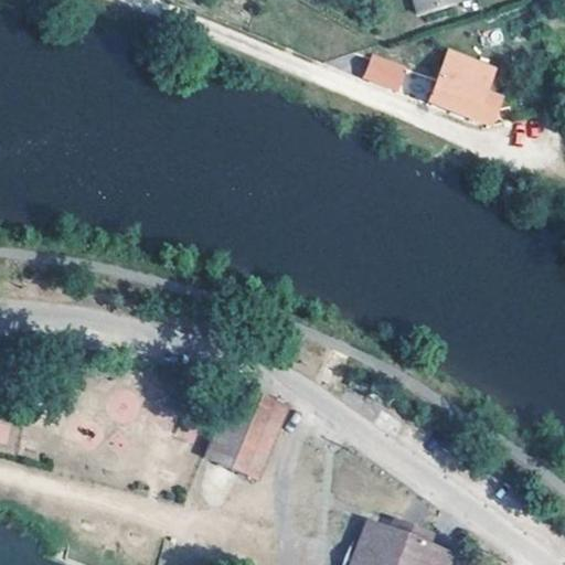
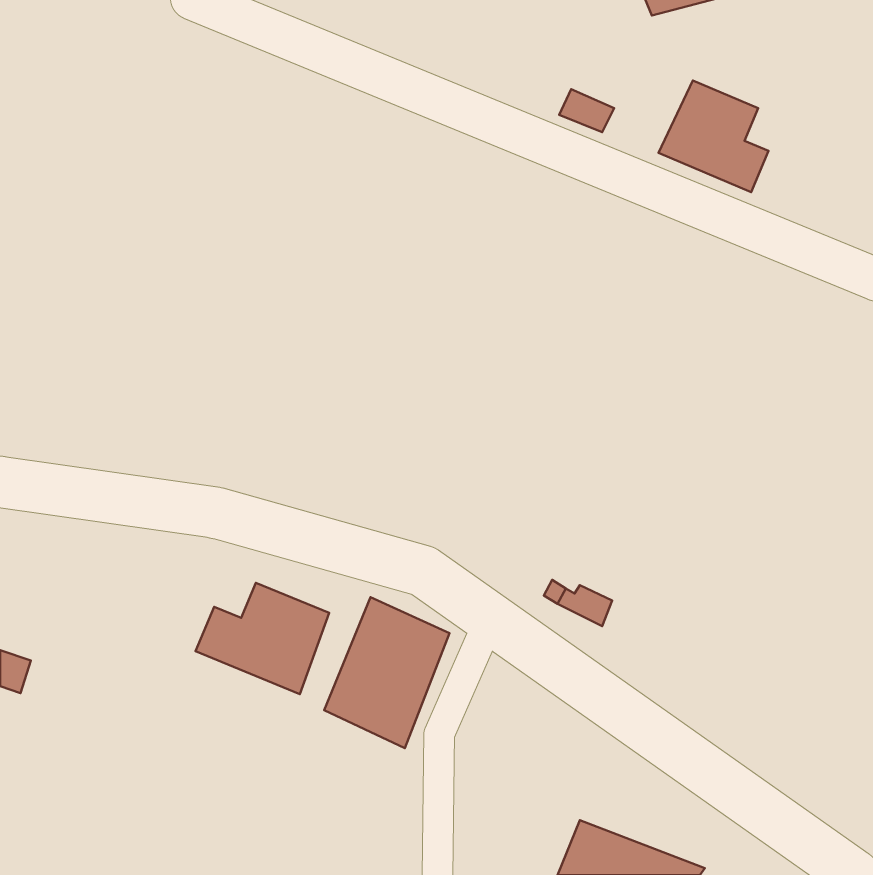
building: none -> [196,583,329,694]

